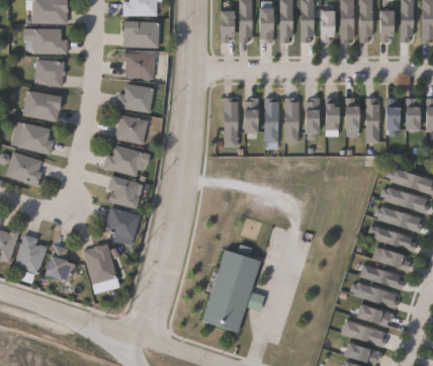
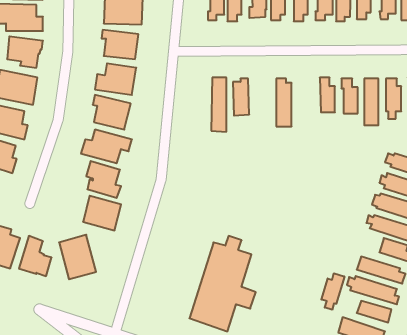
building: [264,97,278,142] -> none
building: [306,97,321,139] -> none
building: none -> [321,273,344,310]

